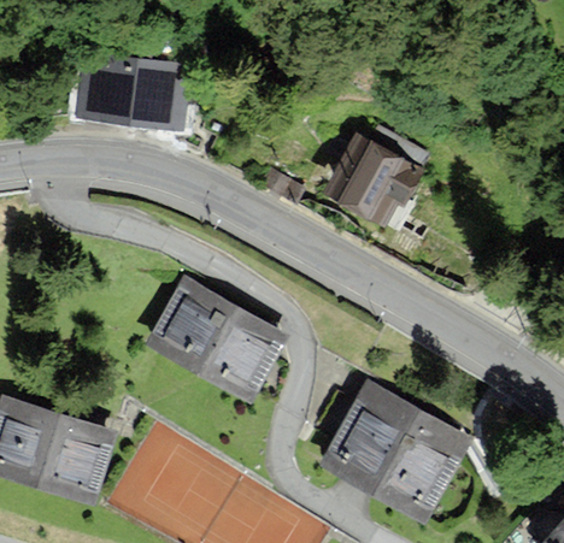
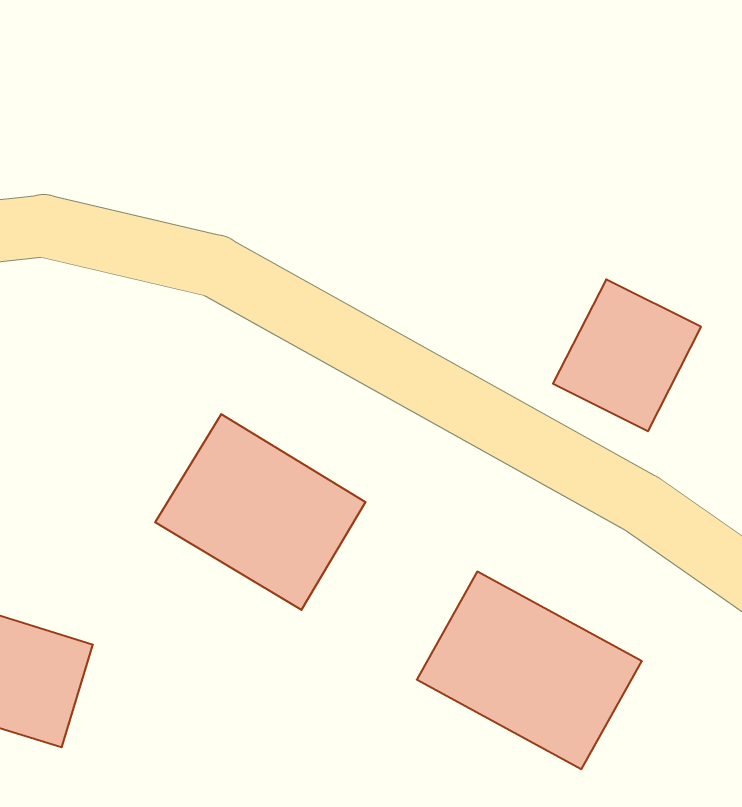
building: [77,47,196,134] -> none
building: [325,130,423,230] -> [553,279,701,431]

